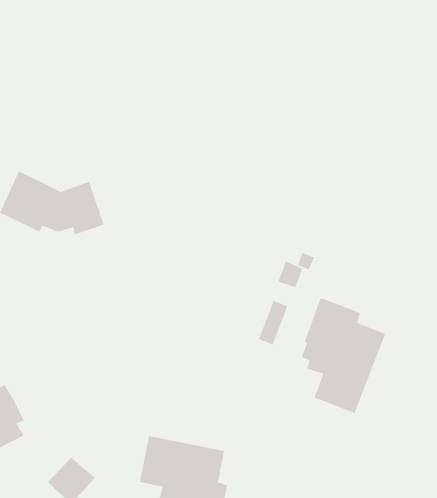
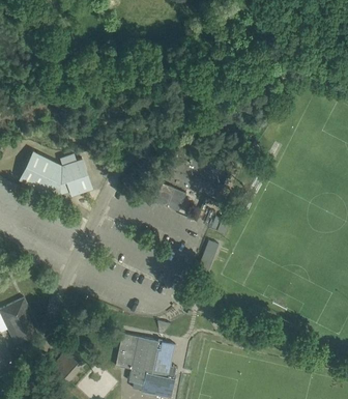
building: none -> [153,183,185,211]
building: [301,297,386,414] -> none

